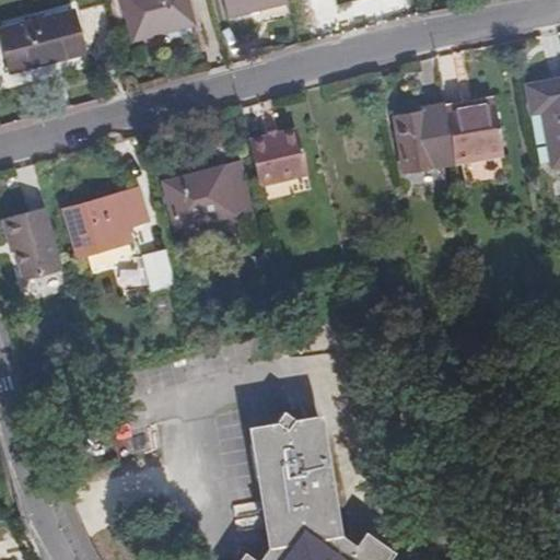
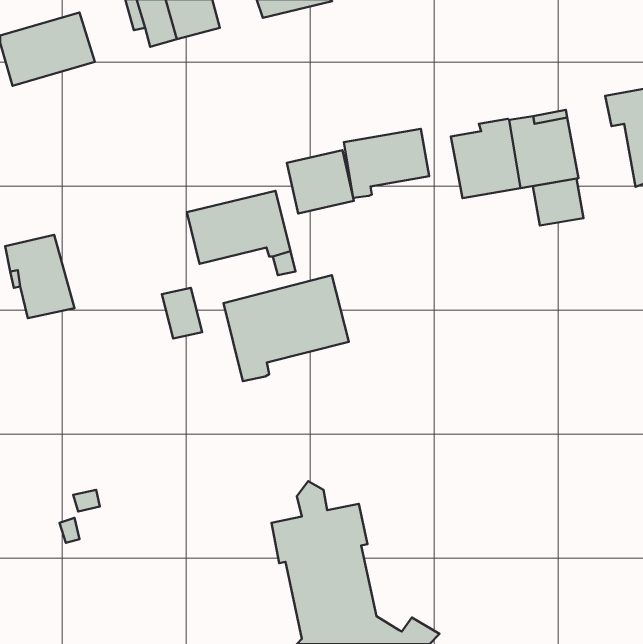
building: none -> [344,129,429,198]
building: none -> [533,178,583,226]
building: [69,191,147,256] -> none
building: none -> [223,275,349,381]

